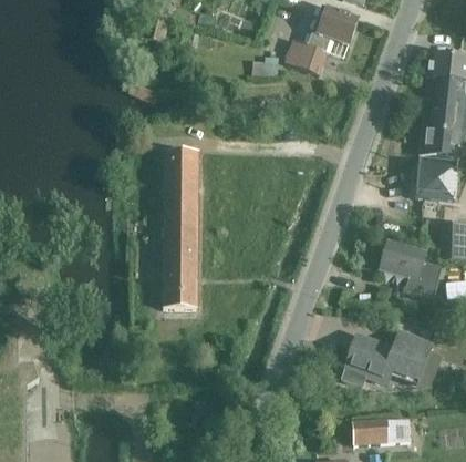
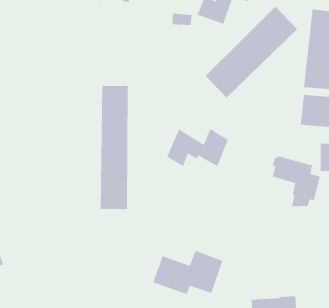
building: none -> [205,6,298,98]
building: none -> [167,128,228,167]
building: [345,328,435,384] -> [153,250,223,295]

